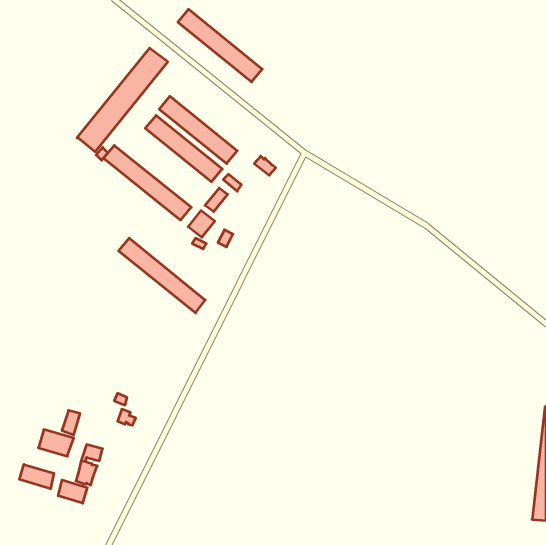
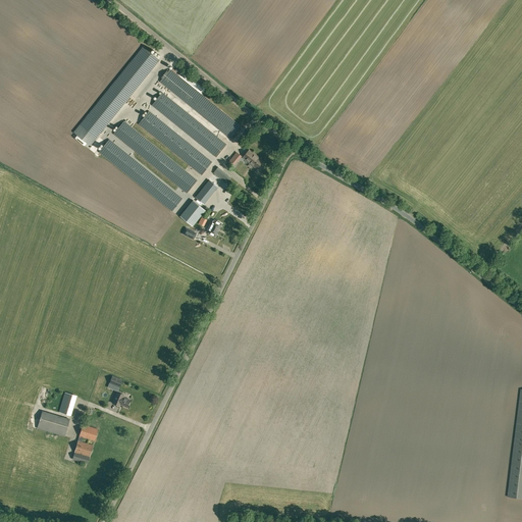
building: [178,9,262,82] -> [160,68,241,138]
building: [119,238,205,313] -> [114,120,197,192]
building: [19,464,54,489] -> none
building: [58,480,87,503] -> none

